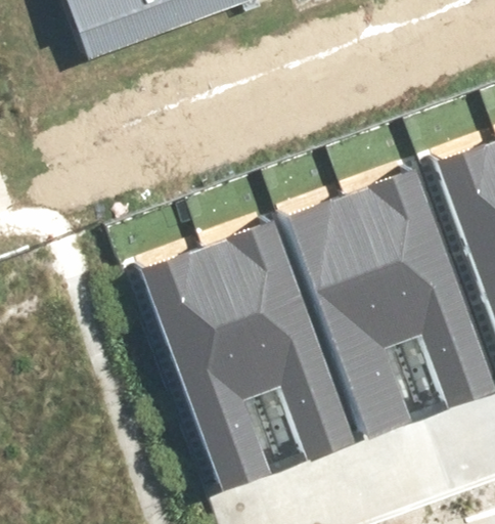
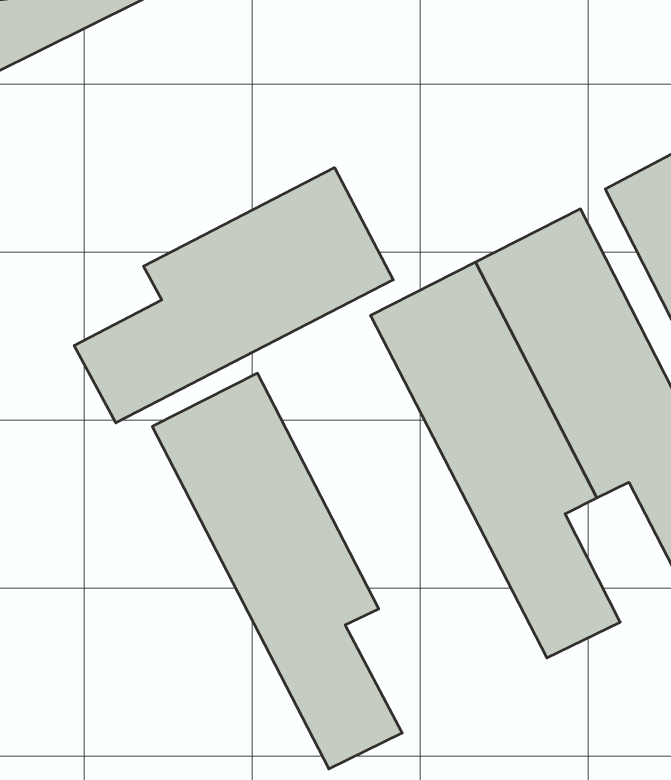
building: none -> [74,168,393,423]
building: [210,222,358,460] -> none

